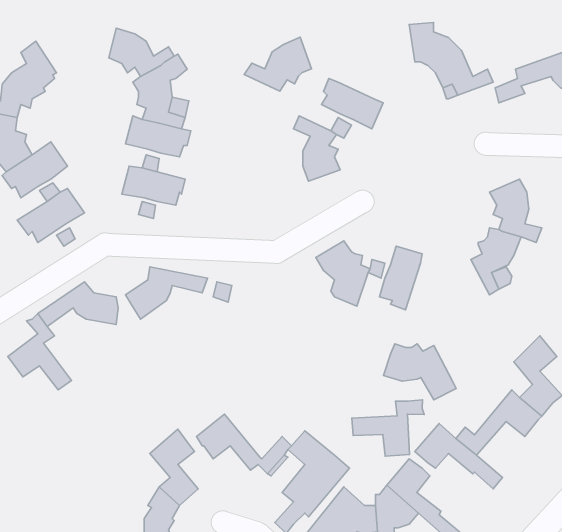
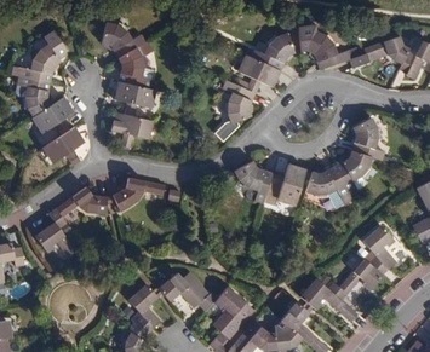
building: [244,37,311,91] -> [251,33,294,68]
building: [384,344,456,400] -> [304,171,351,207]
building: [352,400,424,456] -> none

